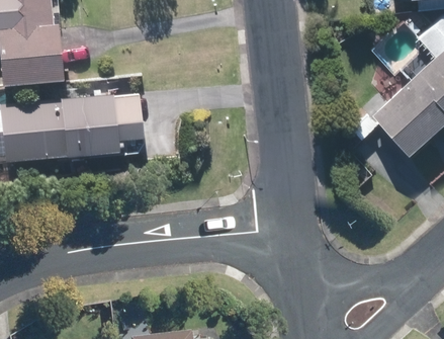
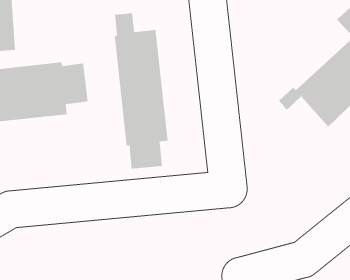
building: none -> [114,13,168,169]

